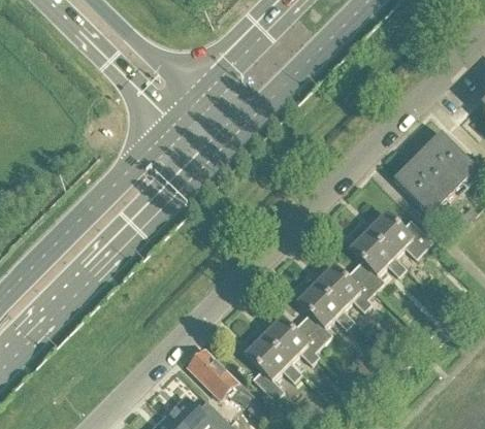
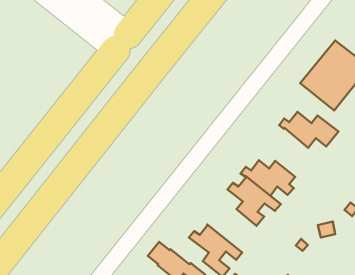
building: [346,231,407,291] -> none
building: [258,320,323,364] -> none

